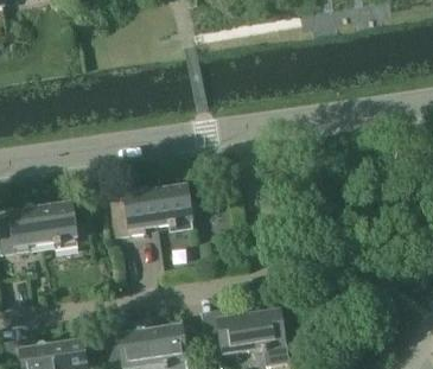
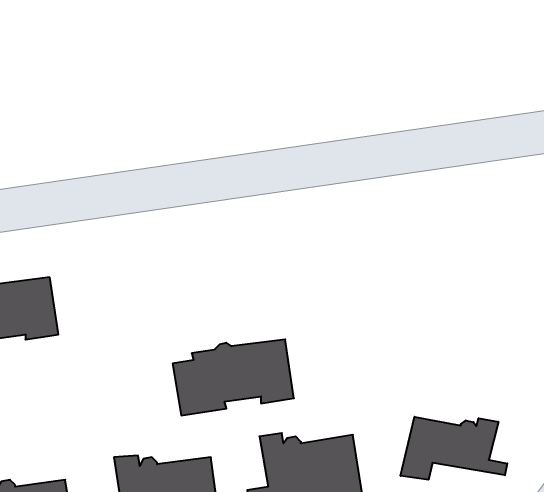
building: [109,183,192,235] -> [173,339,294,415]
building: none -> [401,417,507,480]

